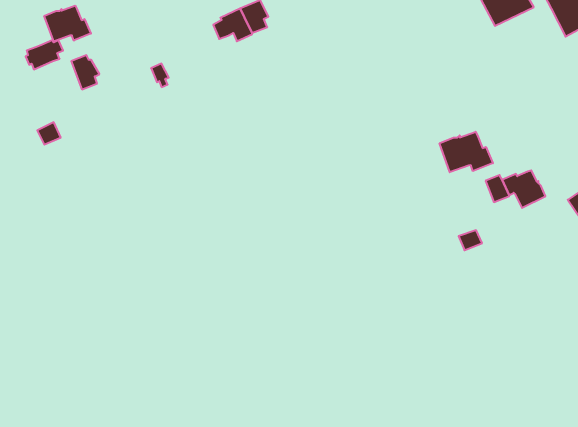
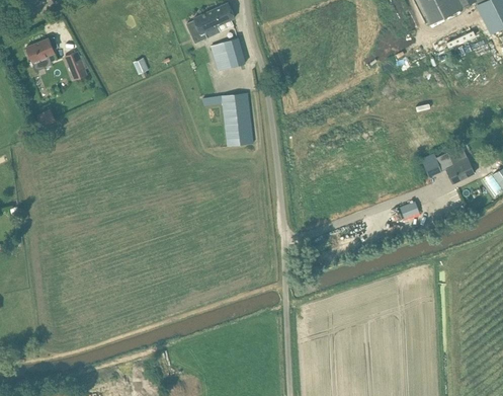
building: [44,6,91,42] -> none
building: none -> [212,37,245,71]
building: none -> [202,93,253,146]
building: [440,132,493,172] -> none

